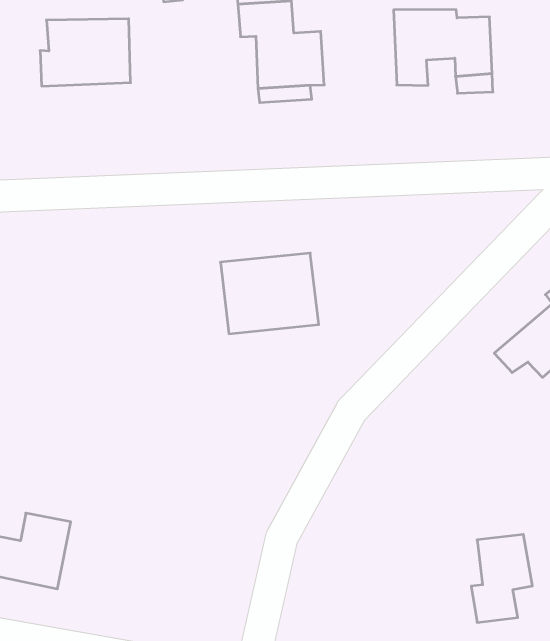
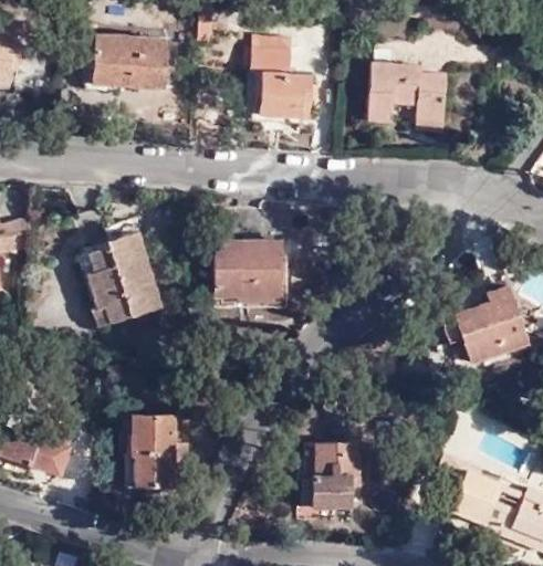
building: none -> [92,230,161,321]
building: none -> [132,420,181,489]
building: [471,534,532,622] -> [312,441,359,505]

